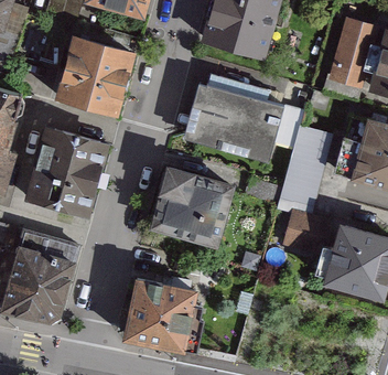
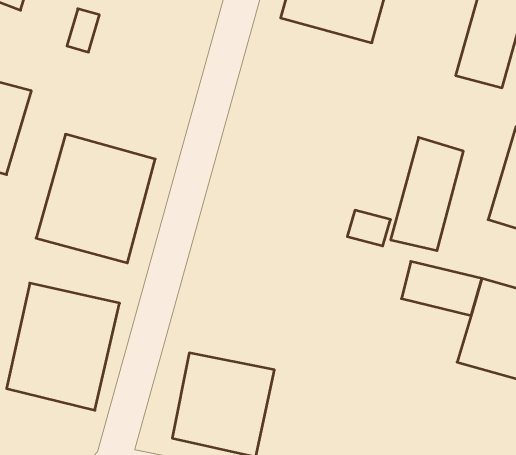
building: [62,41,139,118] -> none
building: [187,85,287,162] -> none
building: [154,169,242,250] -> none

